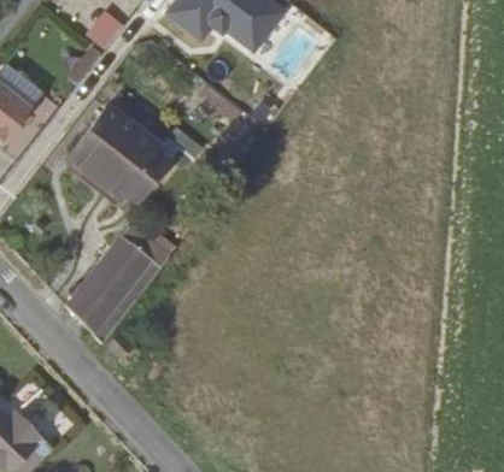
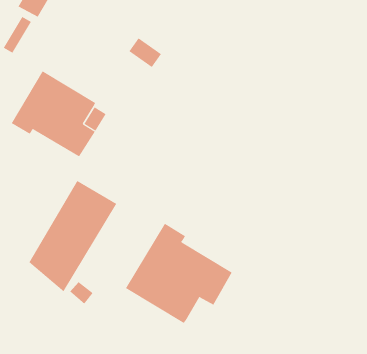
building: none -> [125,223,232,324]

